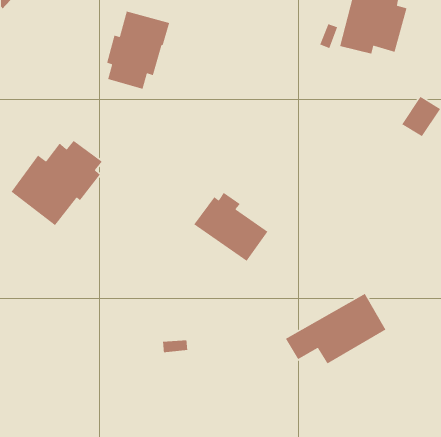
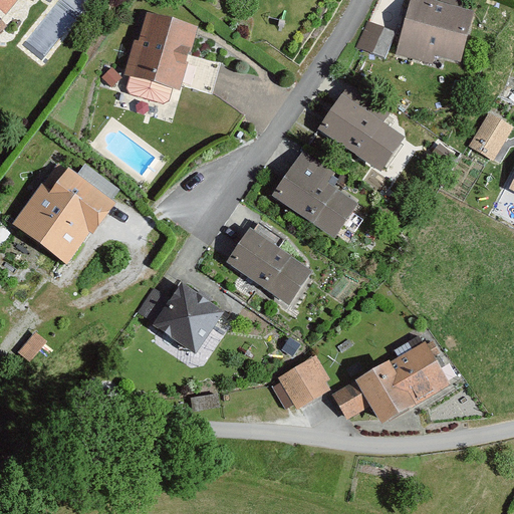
building: none -> [318,83,406,171]
building: none -> [271,151,358,238]
building: none -> [136,281,224,352]
building: none -> [271,355,329,409]

